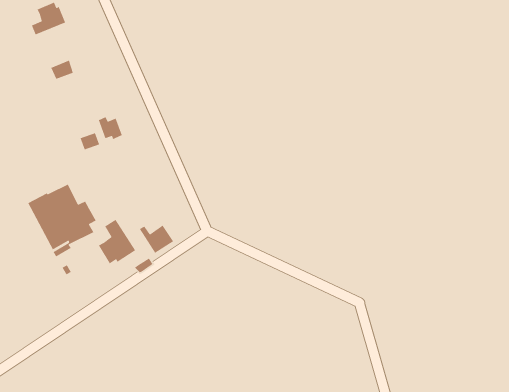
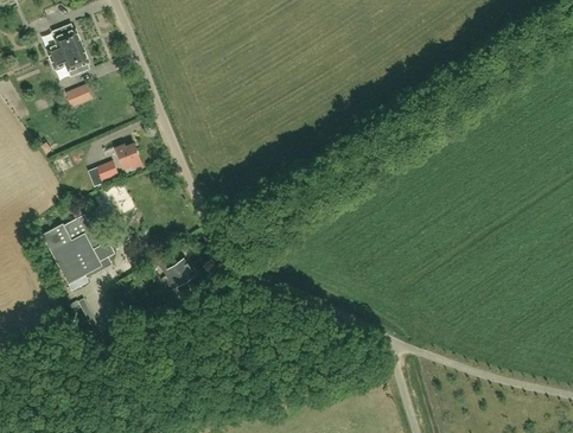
building: none -> [50,46,89,76]
building: [98,219,136,264] -> none

